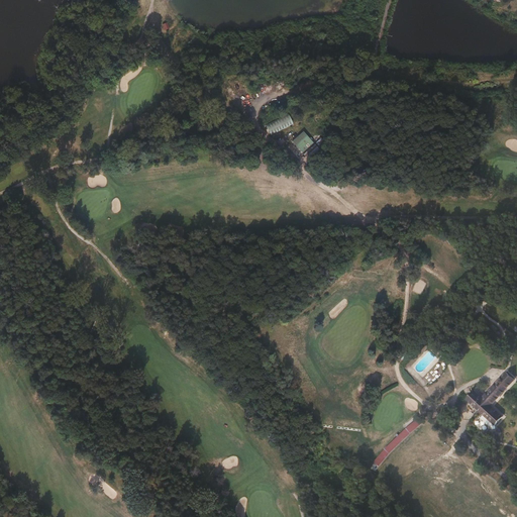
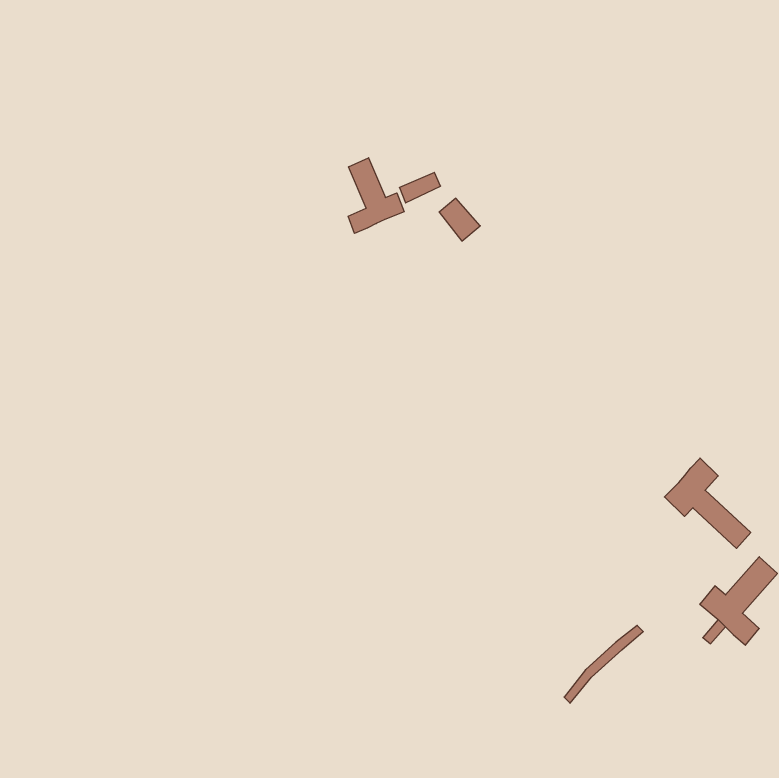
building: none -> [348,158,404,233]
building: none -> [664,458,751,548]

